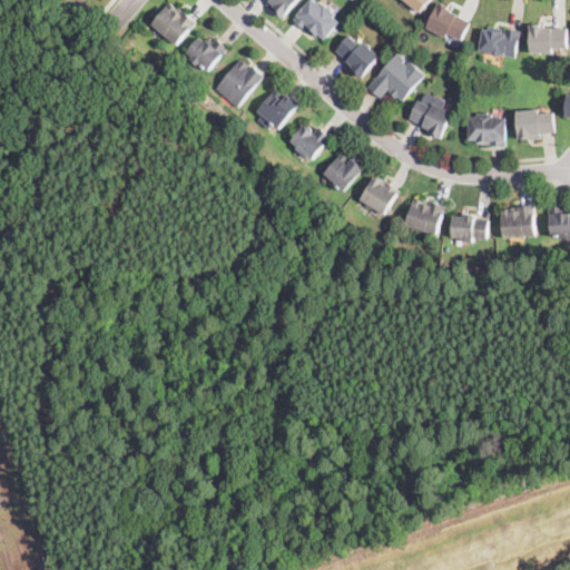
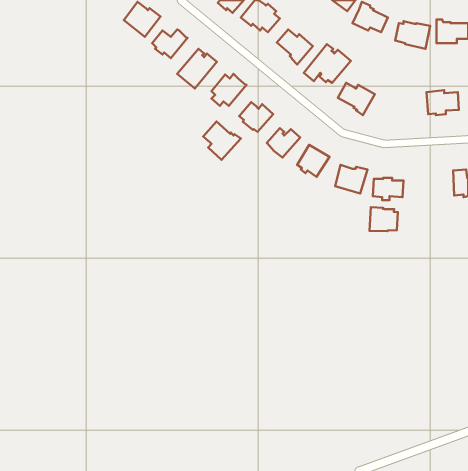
building: [466,112,504,147] -> none
building: none -> [203,122,241,160]
building: [499,204,534,237] -> none
building: none -> [370,207,398,231]

